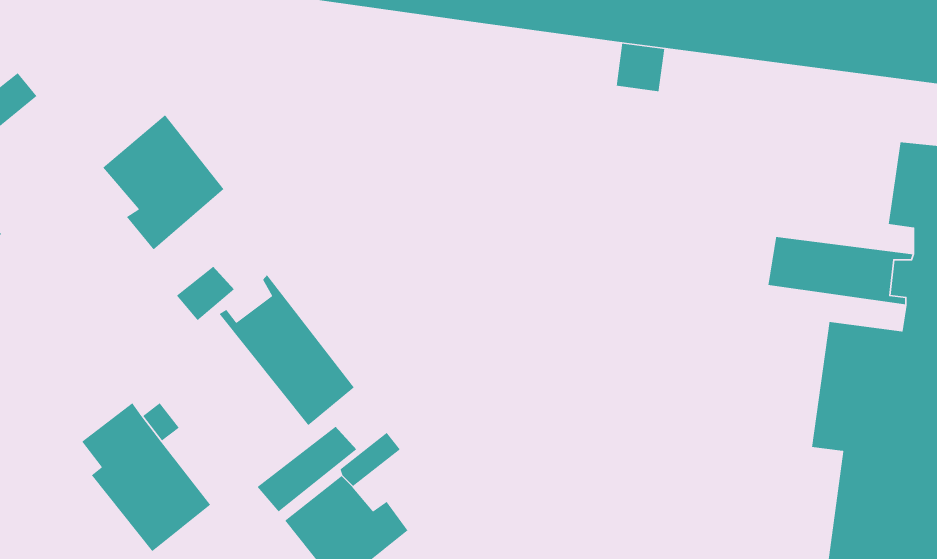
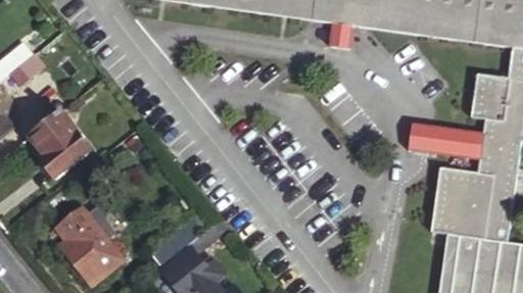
building: [102,114,224,251] -> [25,109,88,180]
building: [218,274,355,426] -> none

